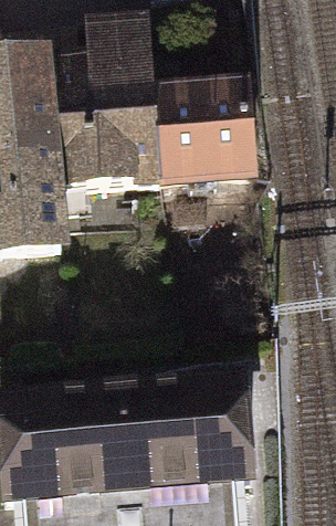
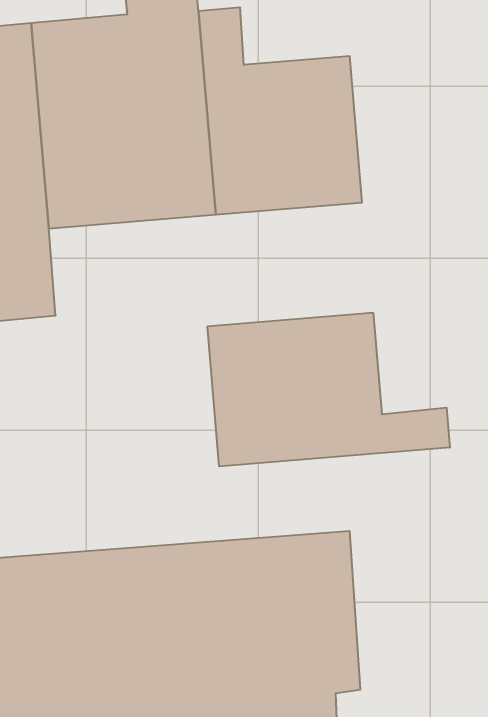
building: none -> [208,313,450,466]

